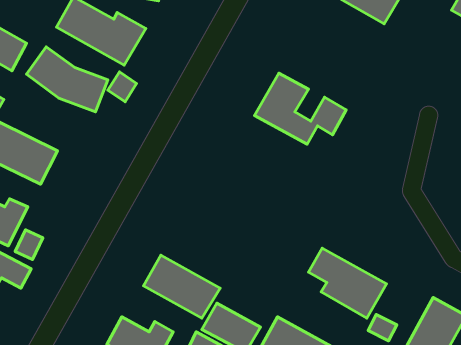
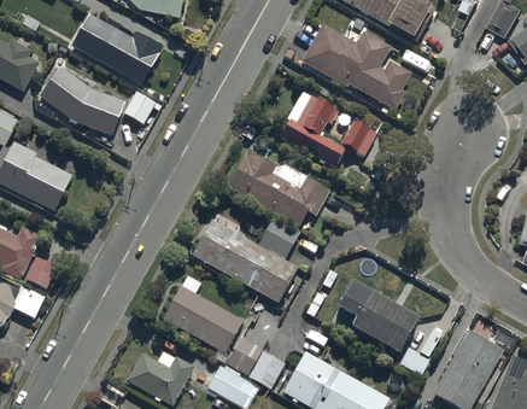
building: none -> [300,22,414,110]
building: none -> [227,145,328,229]
building: none -> [191,217,299,302]

